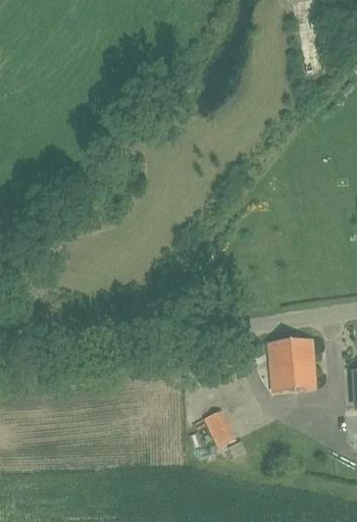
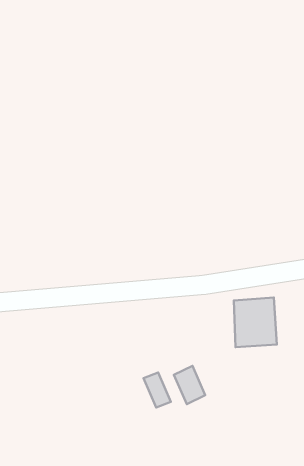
building: none -> [143,372,171,407]

